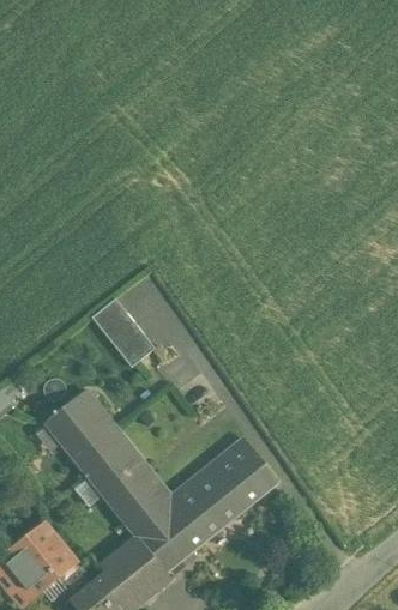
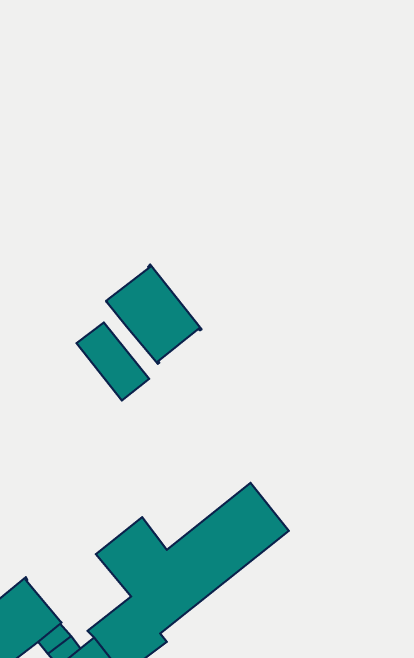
building: none -> [106,265,201,364]
building: [46,391,149,501] -> none

